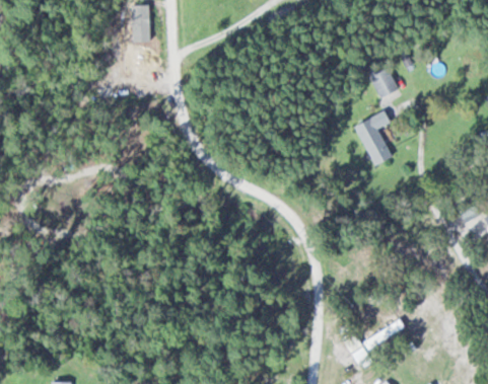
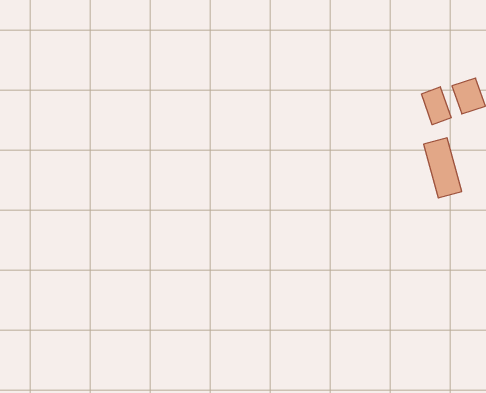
building: none -> [421,87,451,125]

